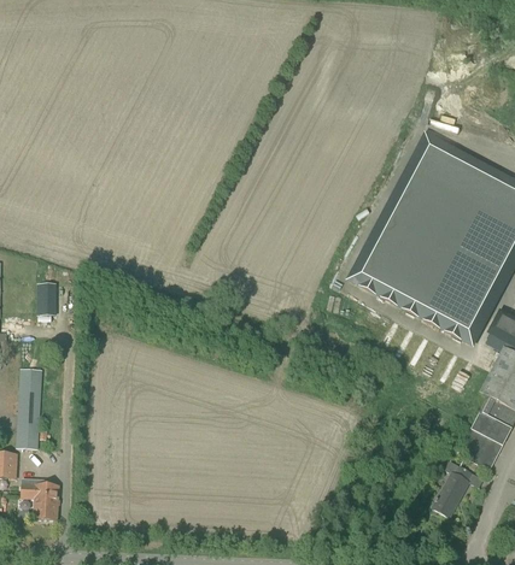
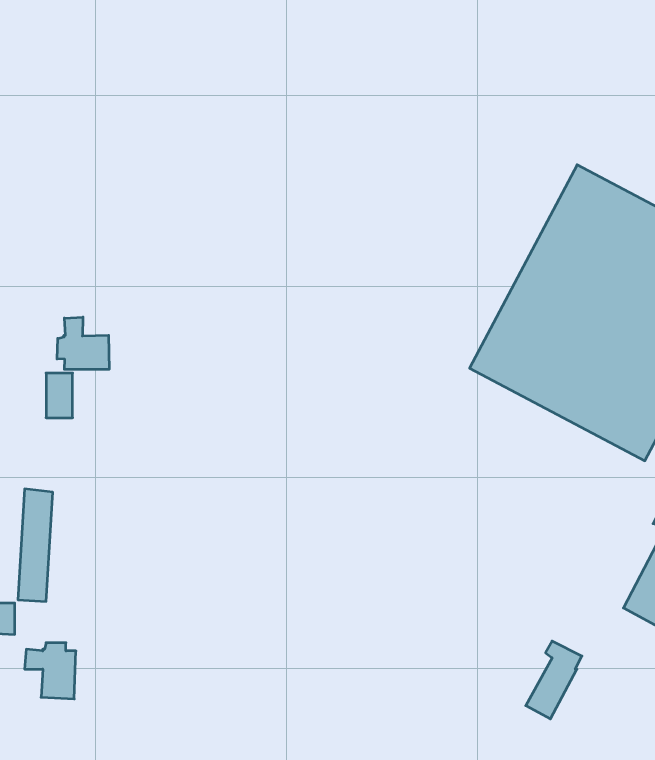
building: none -> [57,317,109,369]
building: [432,460,473,517] -> [526,641,582,719]

